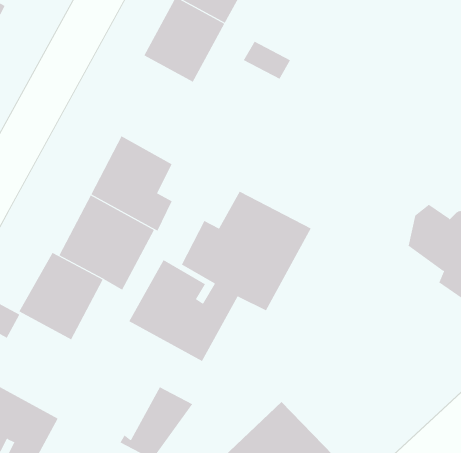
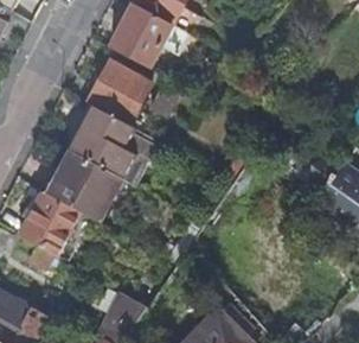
building: none -> [90,61,150,123]
building: [129,191,312,362] -> none

